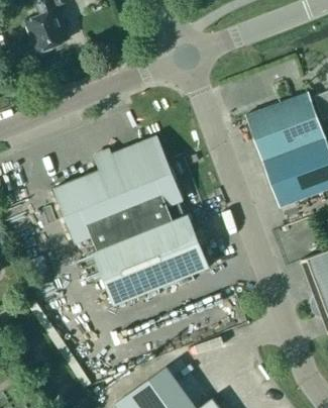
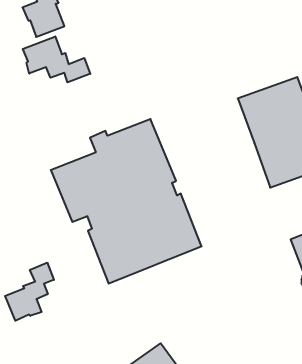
building: none -> [23,36,90,82]
building: none -> [5,263,54,321]

